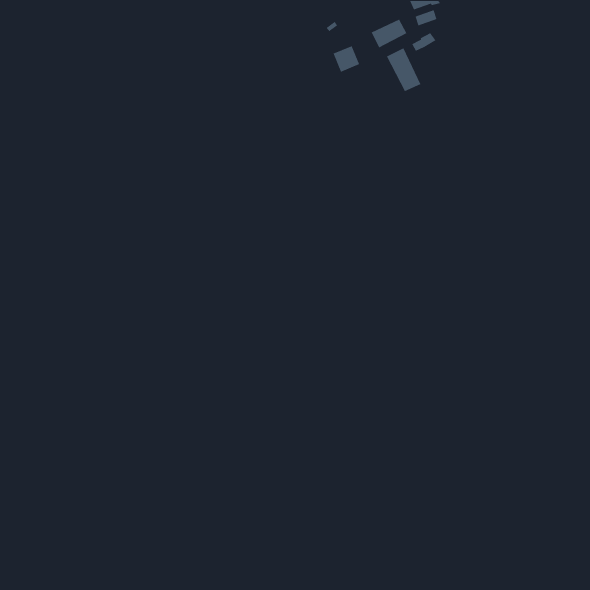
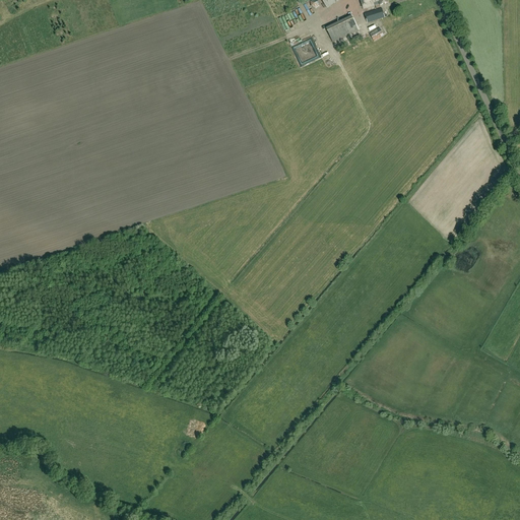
building: [386,47,422,92] -> none

